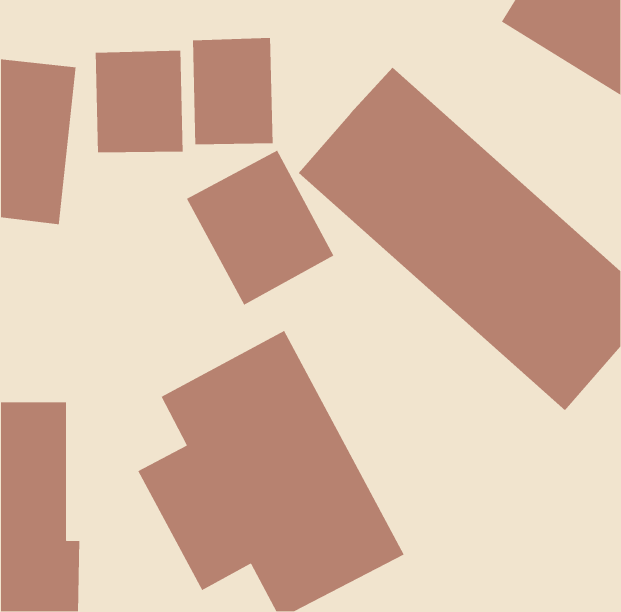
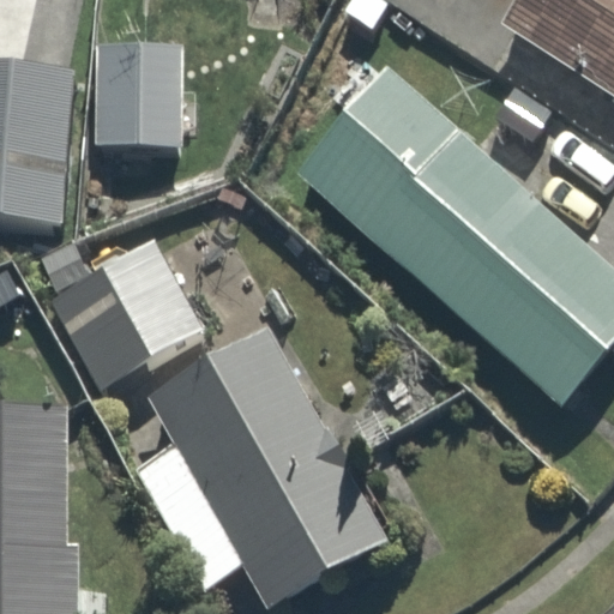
building: [192,37,273,145] -> none
building: [186,150,334,306] -> none
building: none -> [46,229,217,386]

